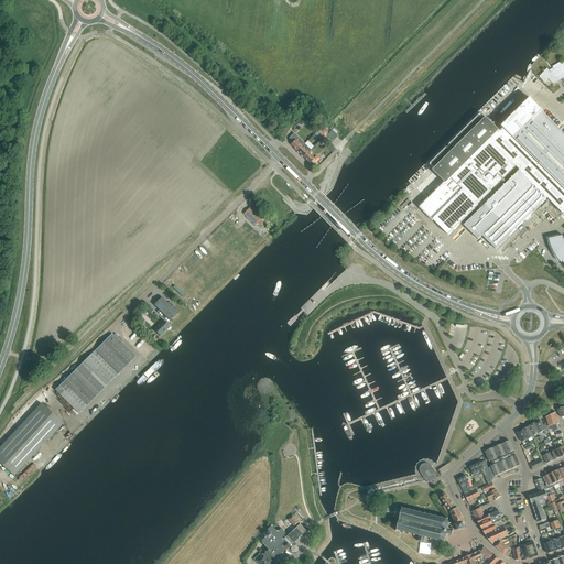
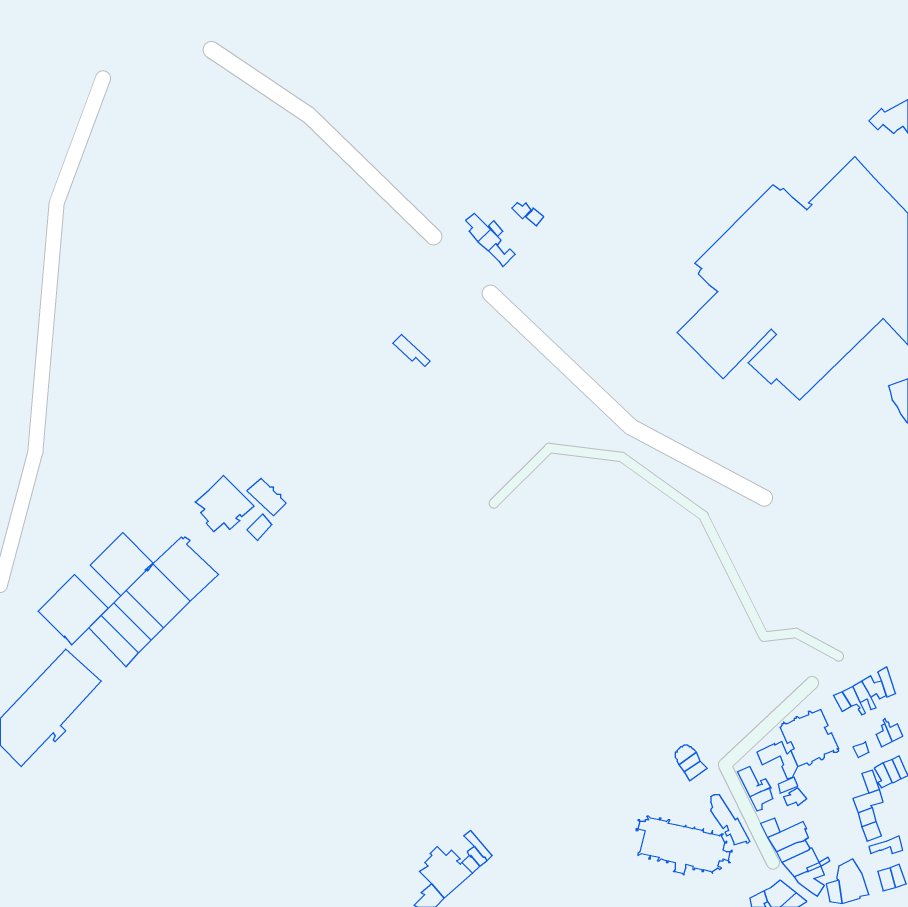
building: none -> [195,475,254,532]
building: none -> [90,533,153,596]
building: none -> [38,575,108,645]

